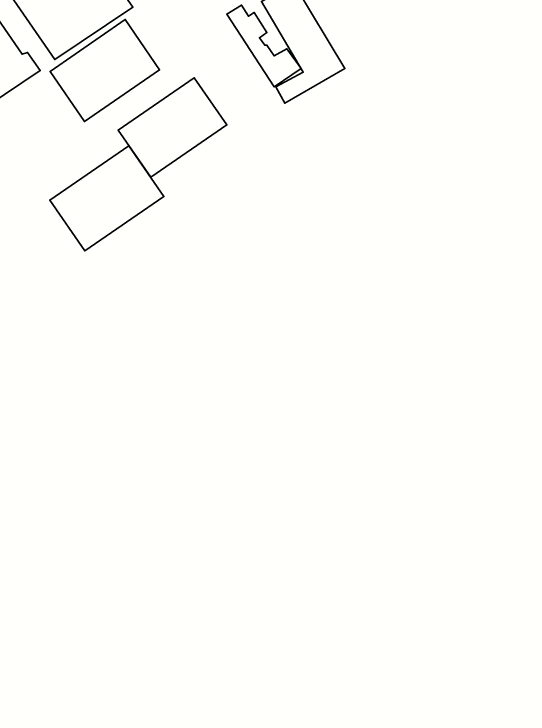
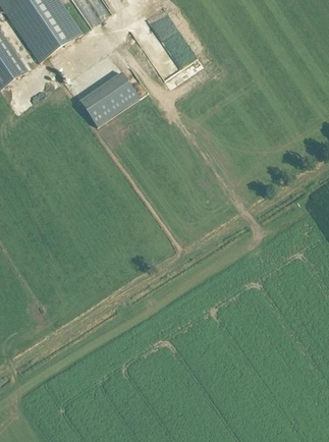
building: [50,20,160,121] -> none
building: [50,146,164,251] -> none

